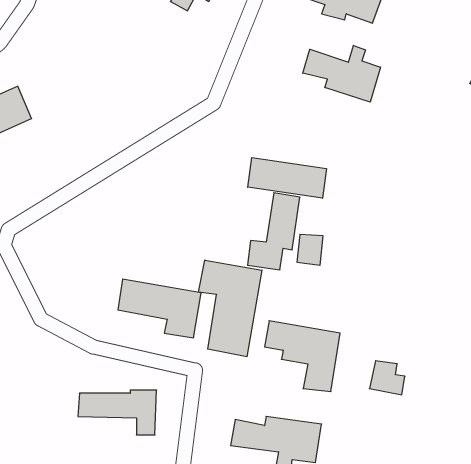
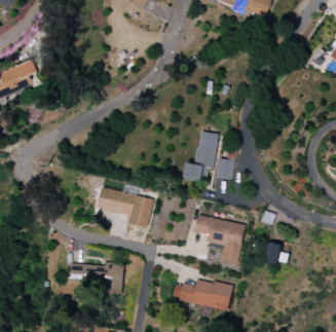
building: [303,45,381,102] -> none
building: [248,158,326,198] -> none
building: [199,260,262,357] -> none

